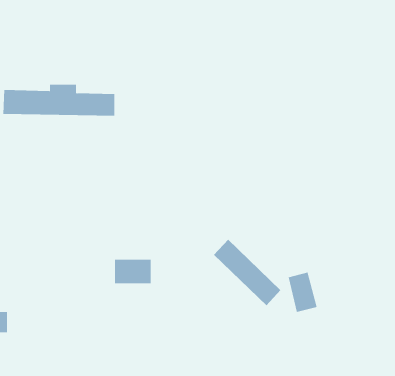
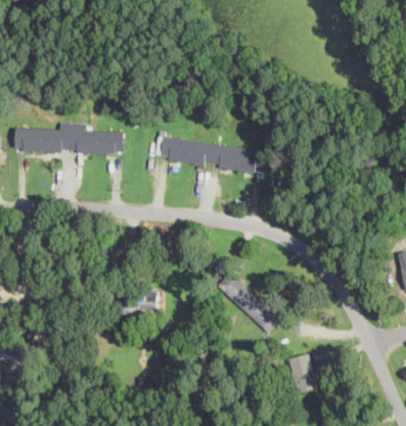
building: none -> [160,136,266,173]
building: [288,272,318,312] -> [288,353,317,392]

